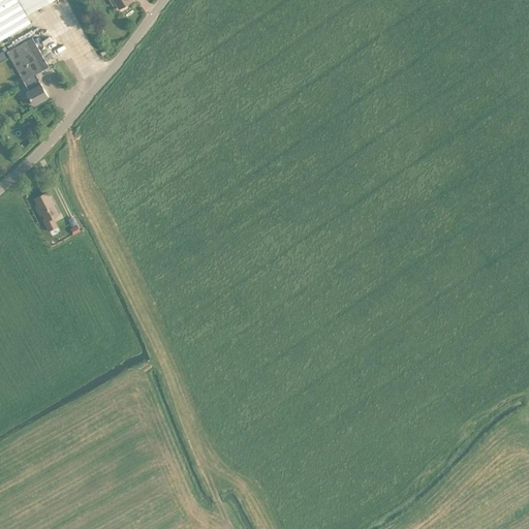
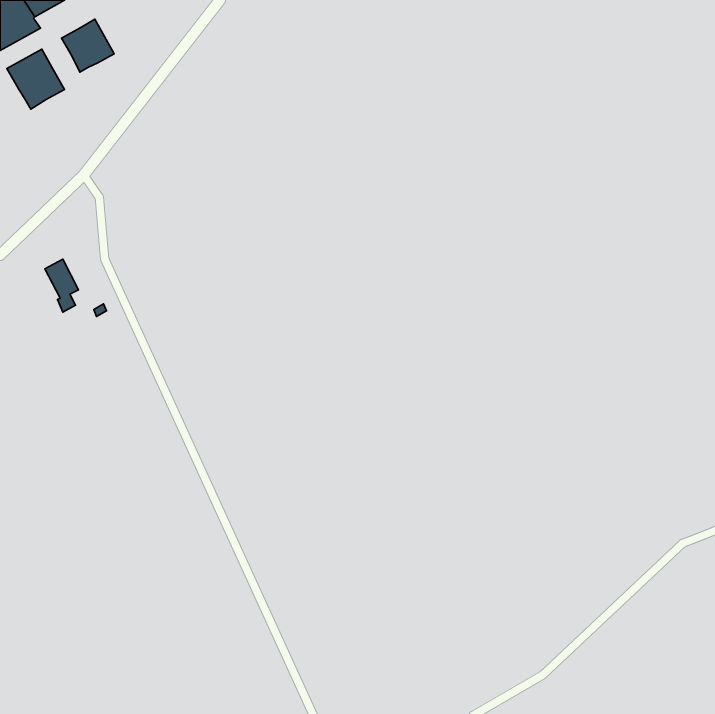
building: none -> [61,19,114,72]
building: [23,74,46,104] -> none

